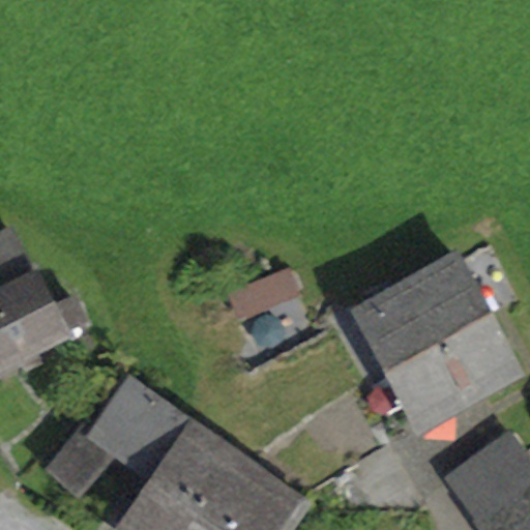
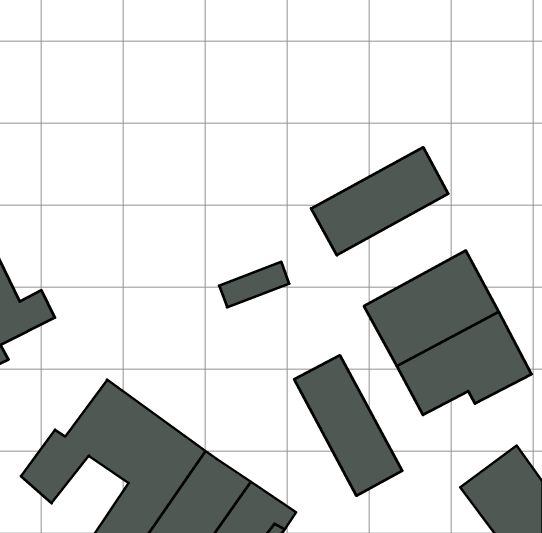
building: none -> [311,147,448,255]
building: none -> [294,355,402,496]

